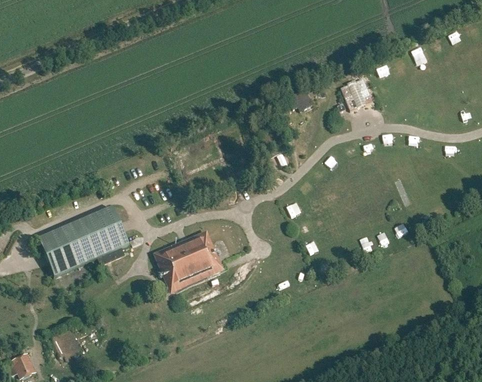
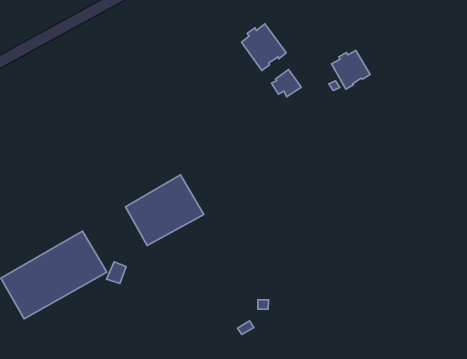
building: none -> [241,24,286,71]
building: [155,234,221,291] -> [125,175,204,246]

